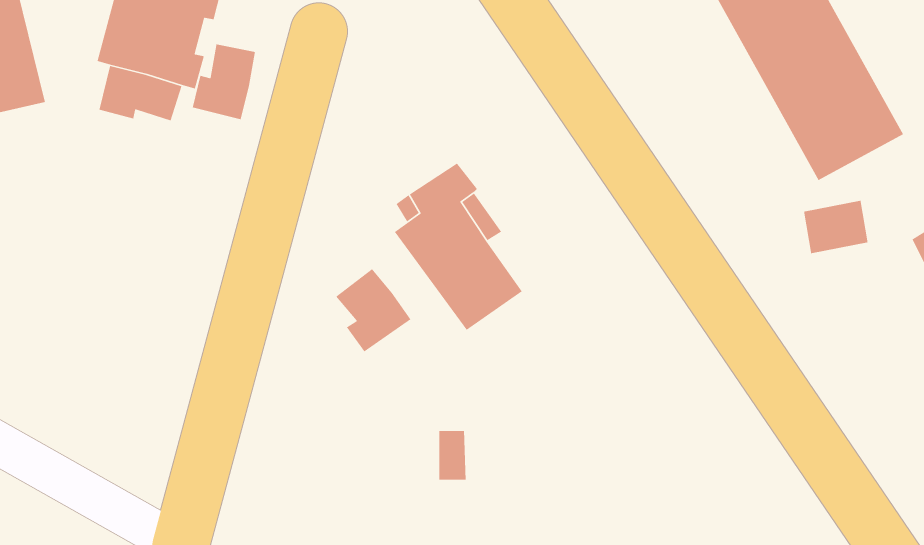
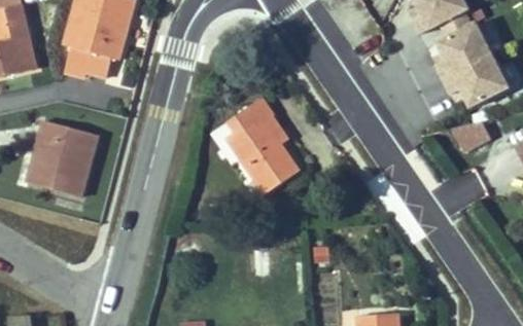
building: [192,43,256,120] -> none
building: none -> [27,120,98,196]
building: [335,268,411,353] -> none

